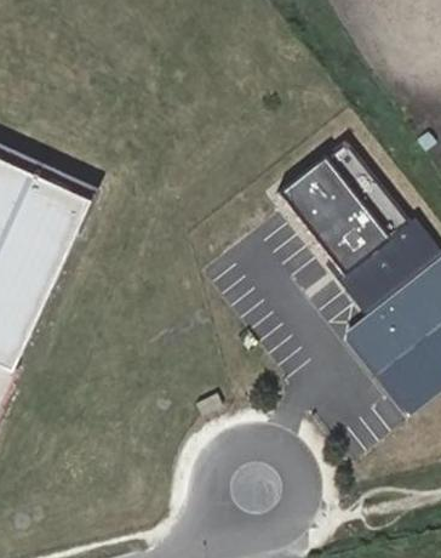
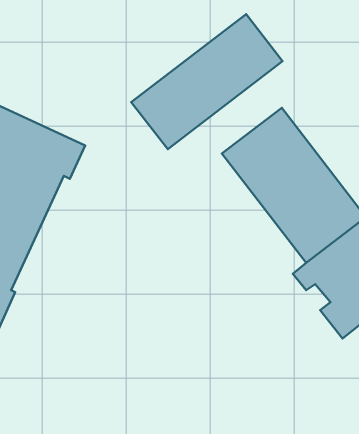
building: none -> [131,14,283,149]

